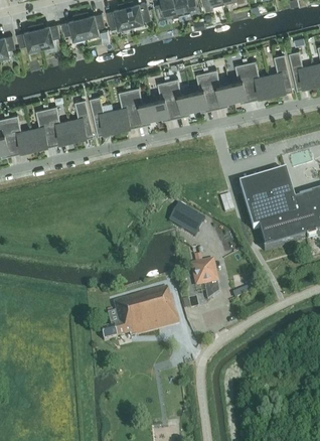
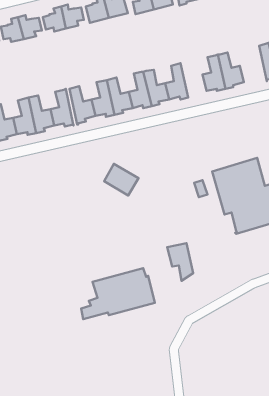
building: [269,54,293,94] -> none
building: [206,70,233,109] -> none
building: [169,204,205,238] -> [104,164,139,195]

